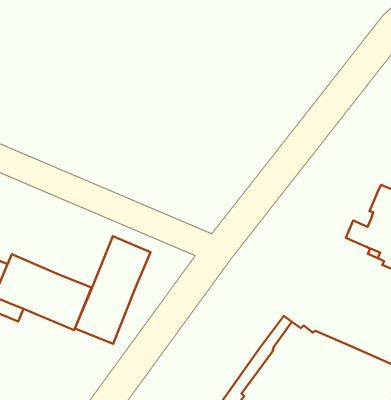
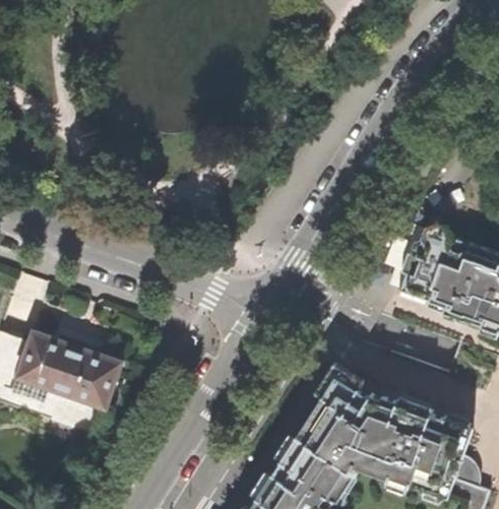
building: [75,236,151,344] -> none

